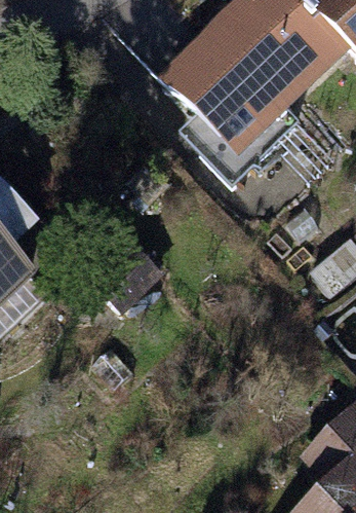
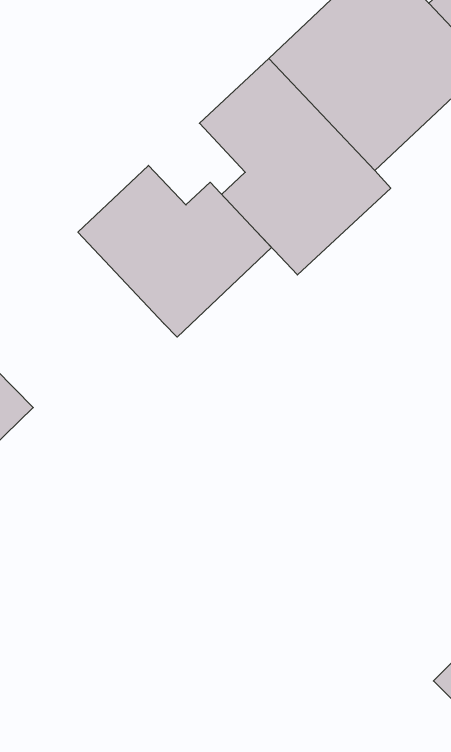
building: none -> [78,165,272,337]

